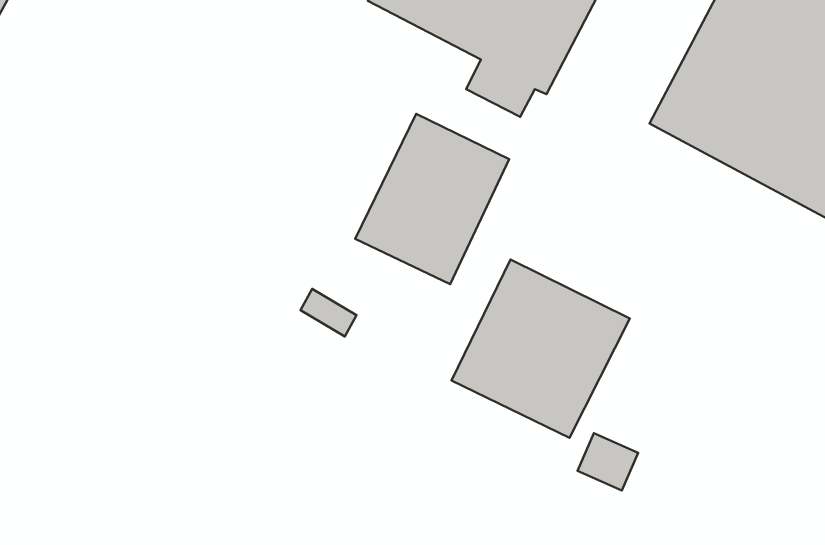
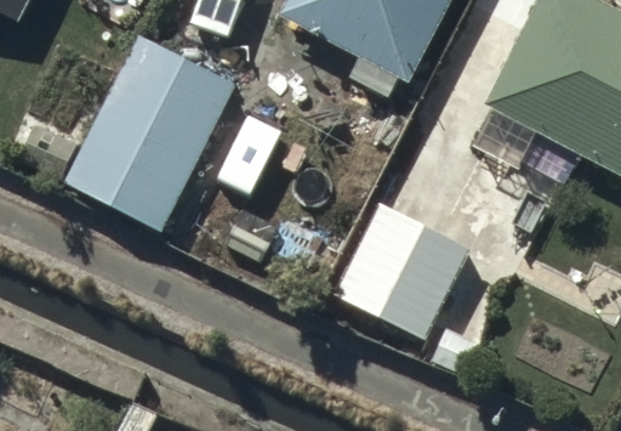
building: none -> [64,40,230,231]
building: [355,114,509,284] -> none

